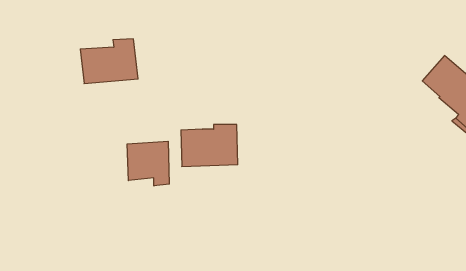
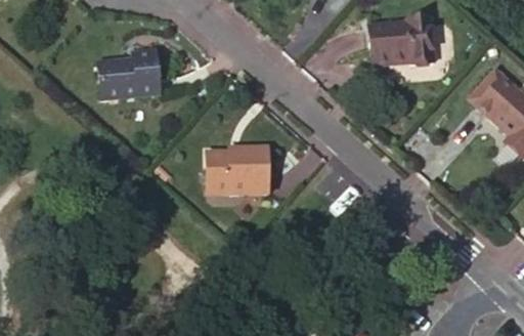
building: none -> [369,16,433,62]
building: [127,141,169,186] -> none

